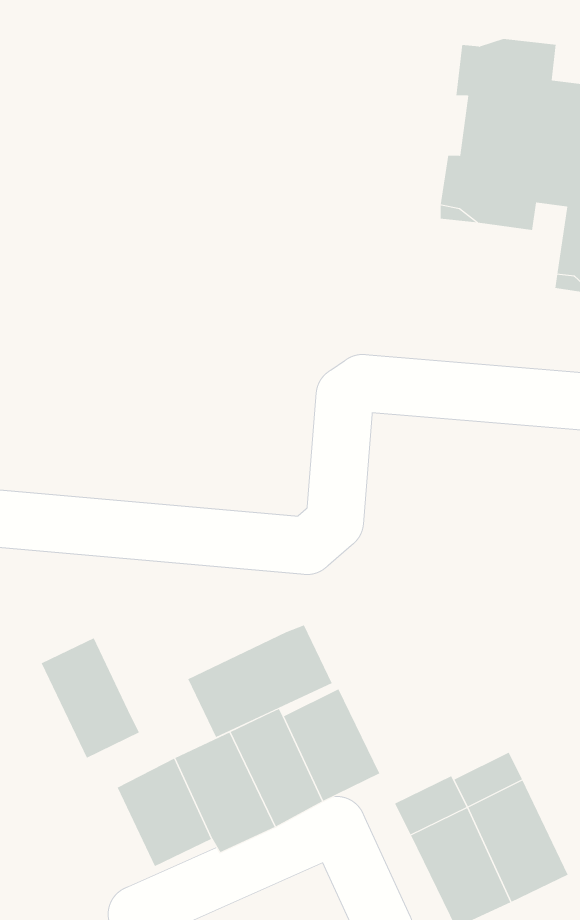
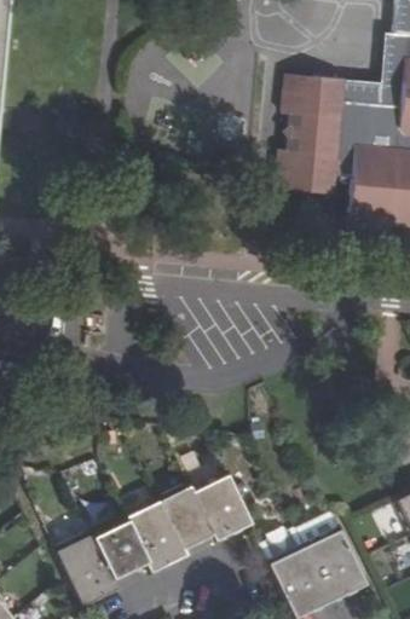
building: [188,624,332,738] -> none
building: [41,637,140,758] -> [60,532,121,606]

